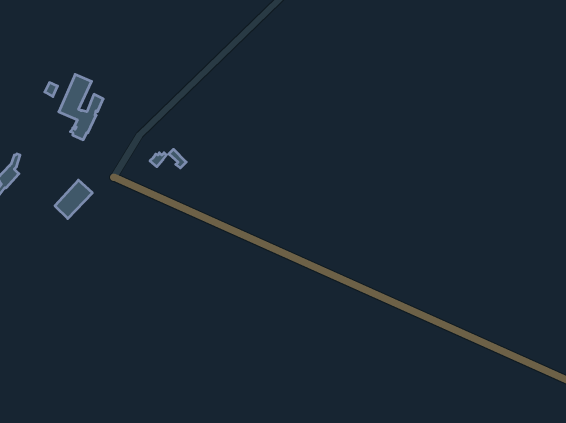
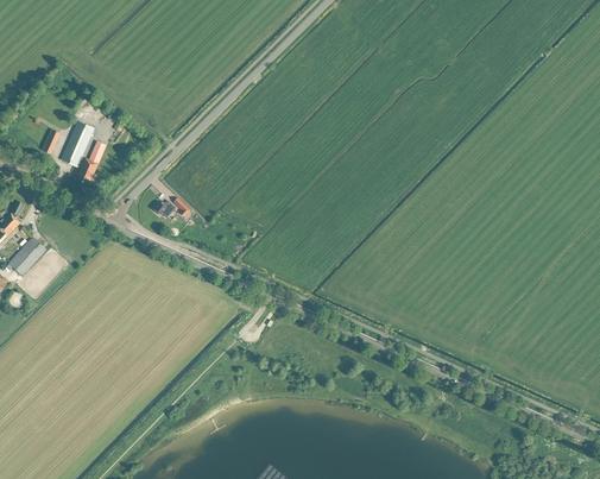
building: [55,180,92,219] -> [10,237,48,276]

